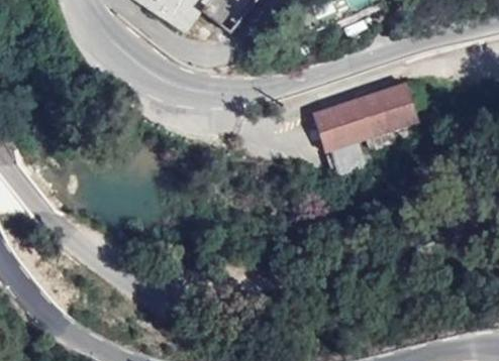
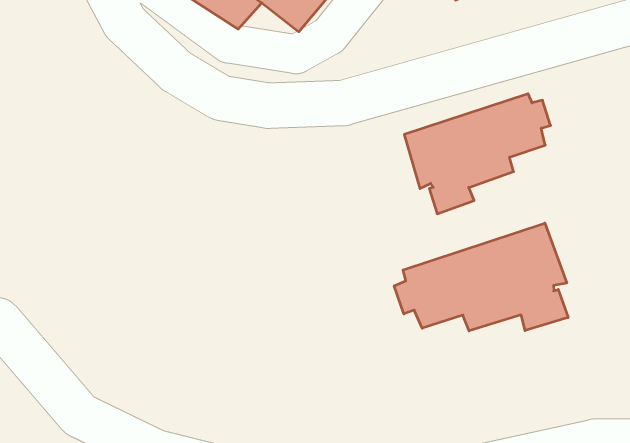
building: none -> [394,223,568,331]

